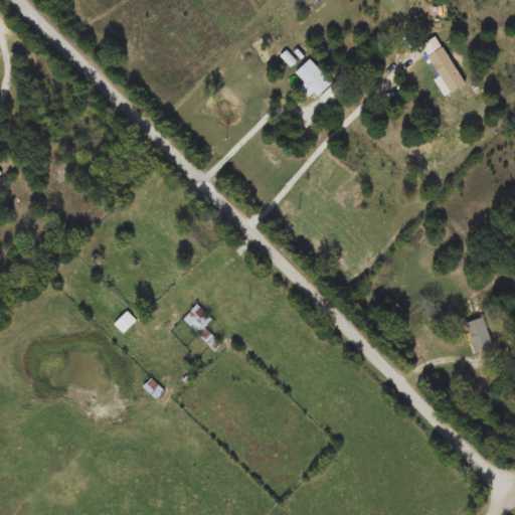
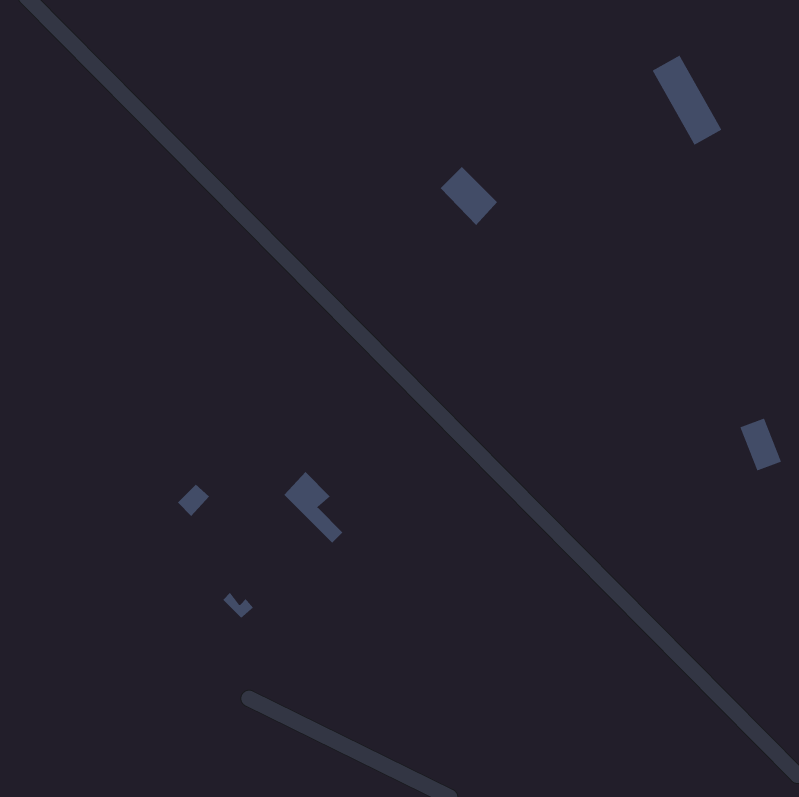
building: [295,58,332,97] -> [440,166,498,226]
building: [465,316,492,350] -> [739,418,782,471]

